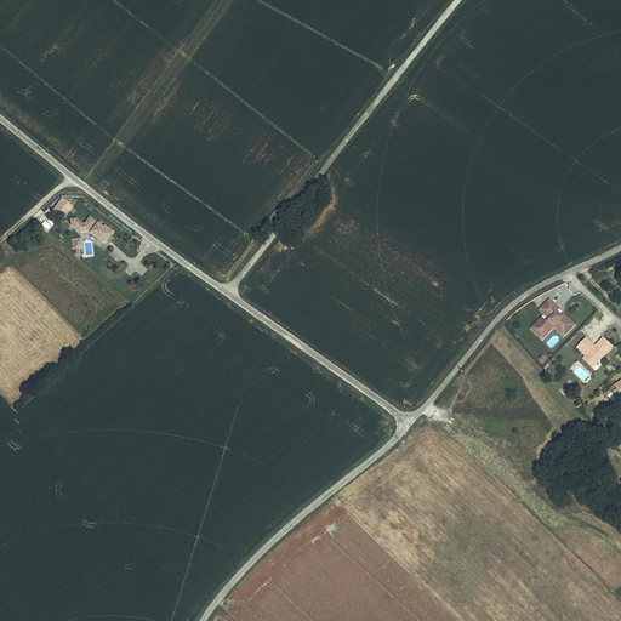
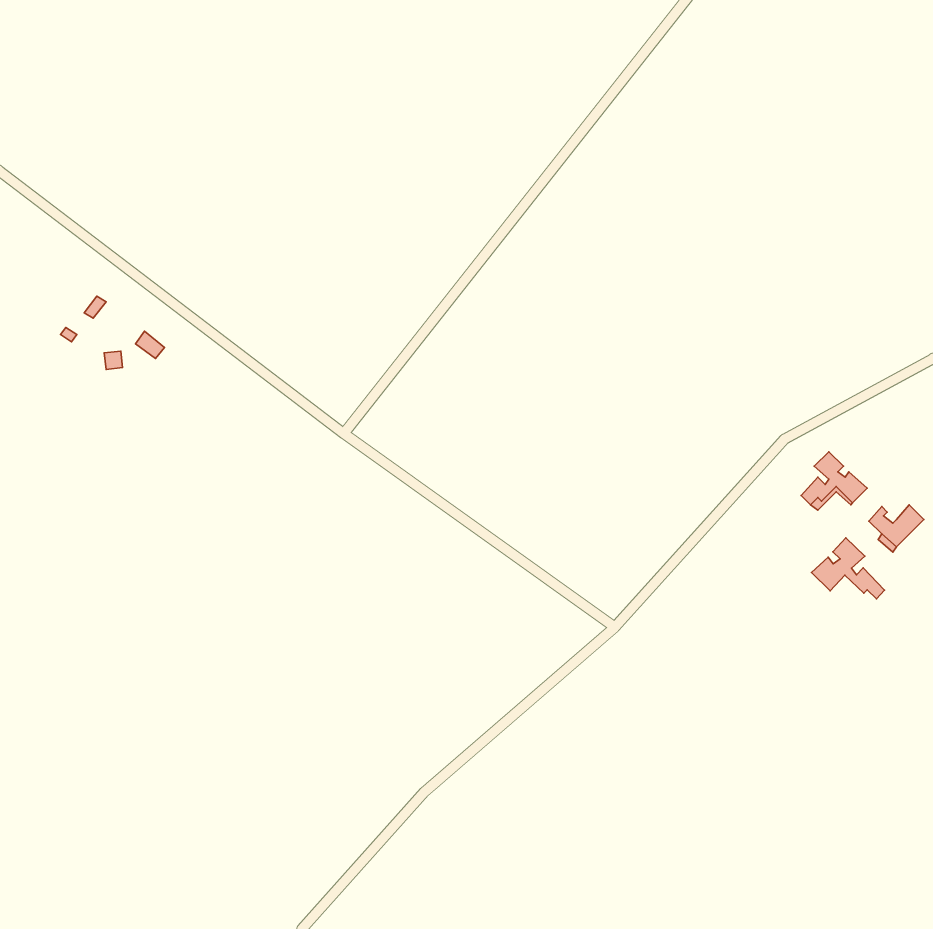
building: none -> [811,538,885,599]

